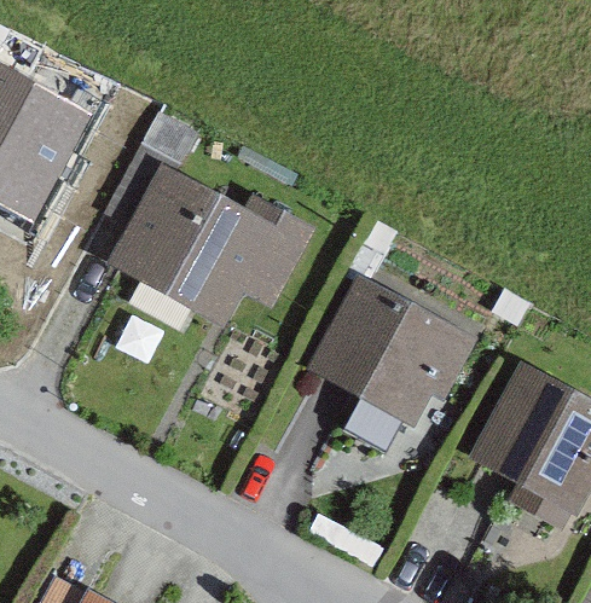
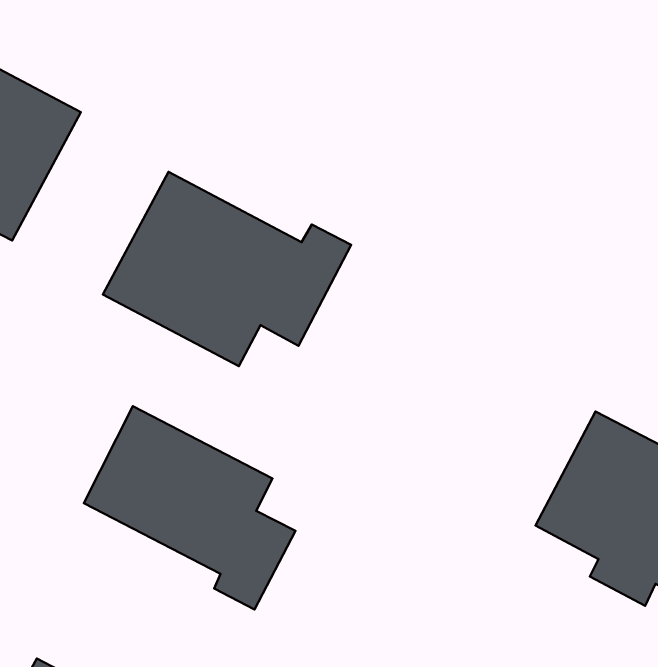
building: [308,278,473,445] -> none
building: none -> [84,406,296,609]

